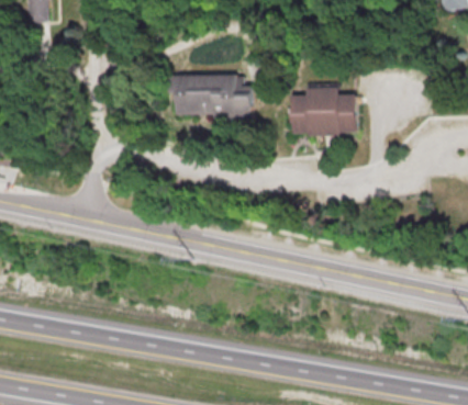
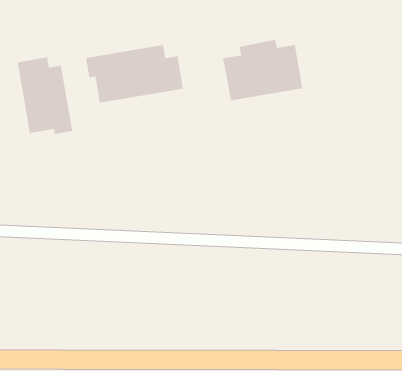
building: none -> [17,57,73,135]

